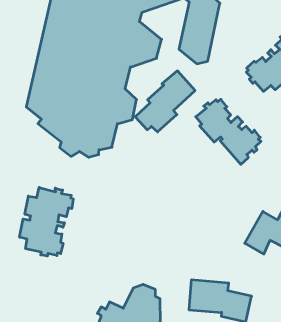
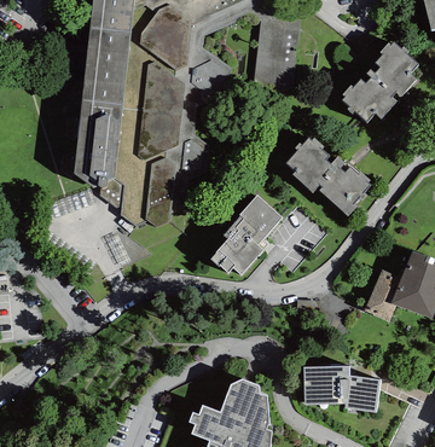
building: [135,71,195,132] -> [210,195,282,273]
building: [20,187,73,256] -> none

